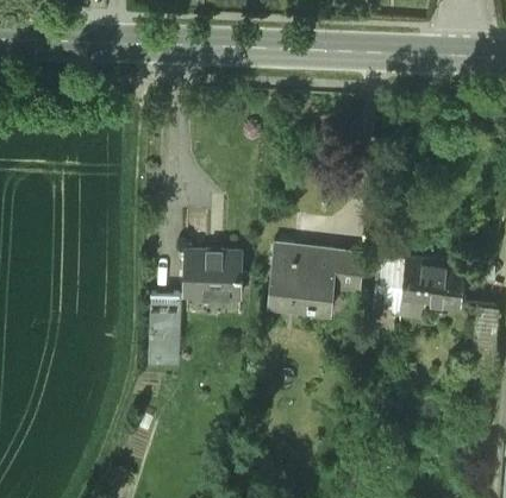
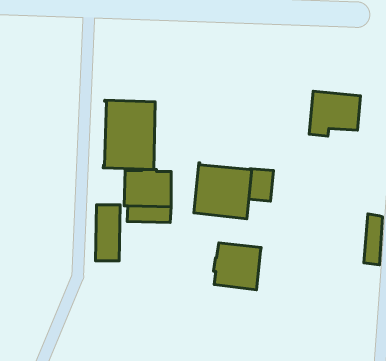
building: none -> [103,100,155,170]
building: [401,256,463,310] -> [309,91,360,136]
building: none -> [214,243,261,290]

